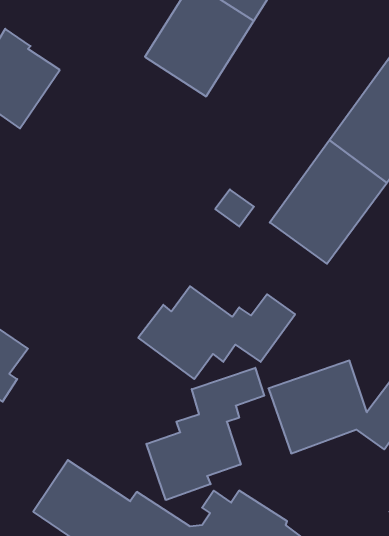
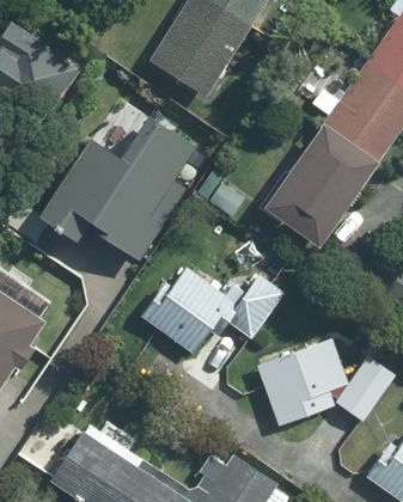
building: none -> [33,117,191,259]
building: [146,368,264,500] -> none

